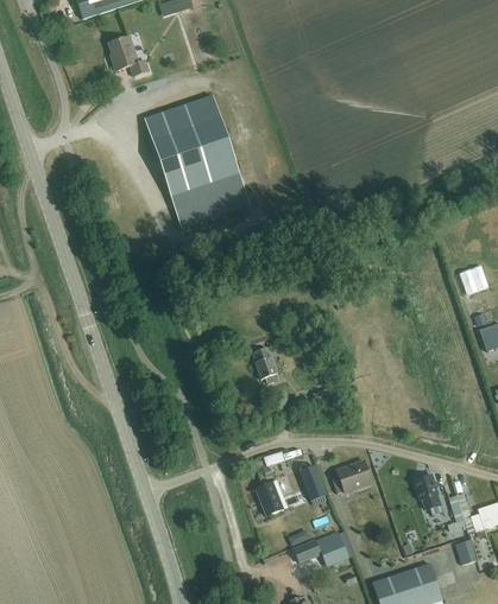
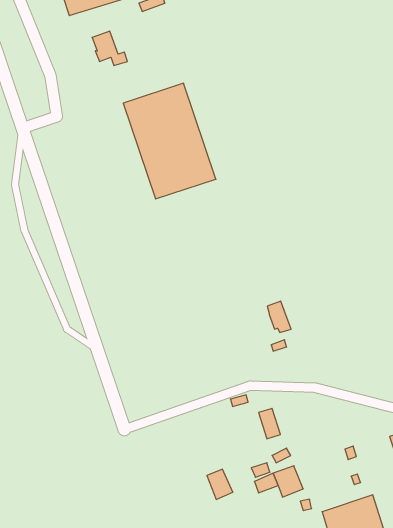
building: [252,346,279,382] -> [267,301,291,332]
building: [333,459,372,492] -> none
building: [414,475,440,508] -> none
building: [256,481,285,515] -> [207,469,233,499]

